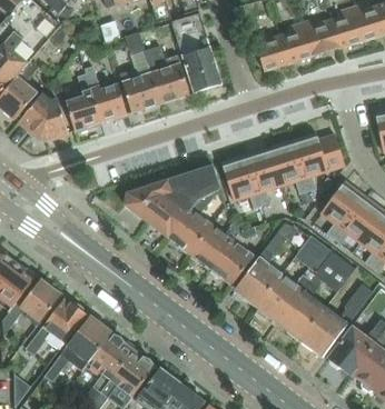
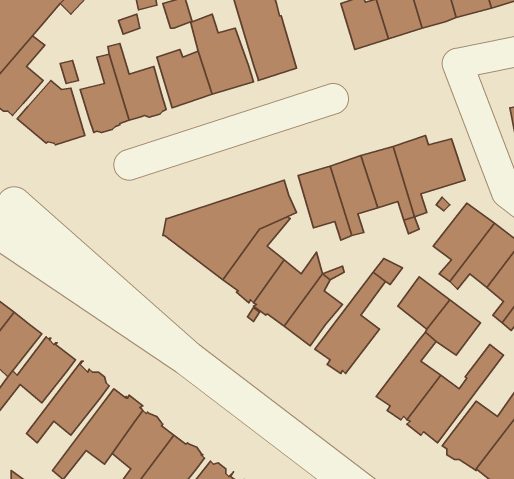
building: [257,273,310,322] -> none

